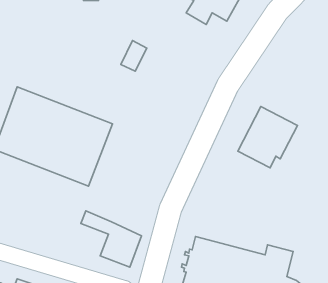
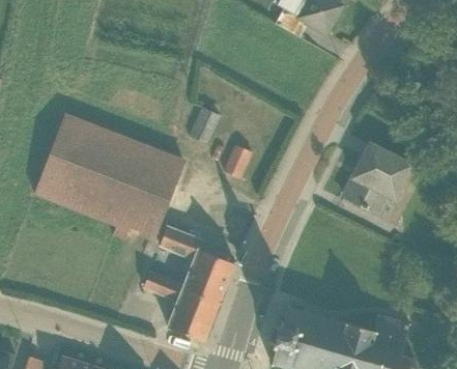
building: [121,41,147,71] -> [189,106,221,144]
building: none -> [223,143,253,178]
building: none -> [160,224,235,302]

